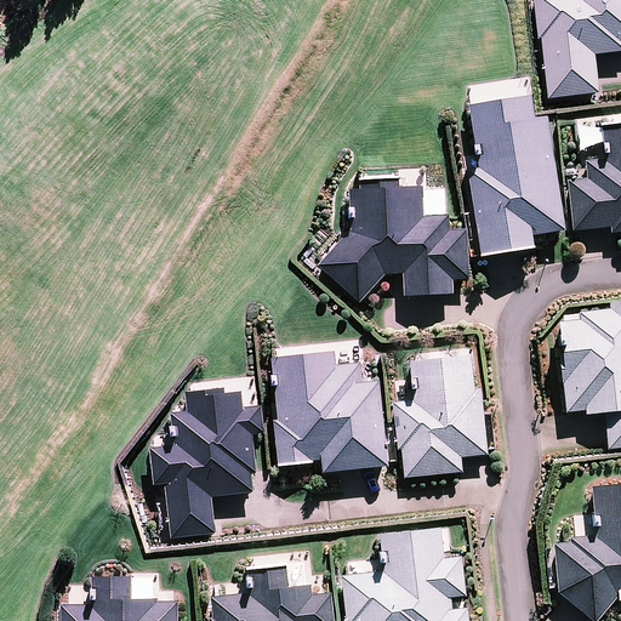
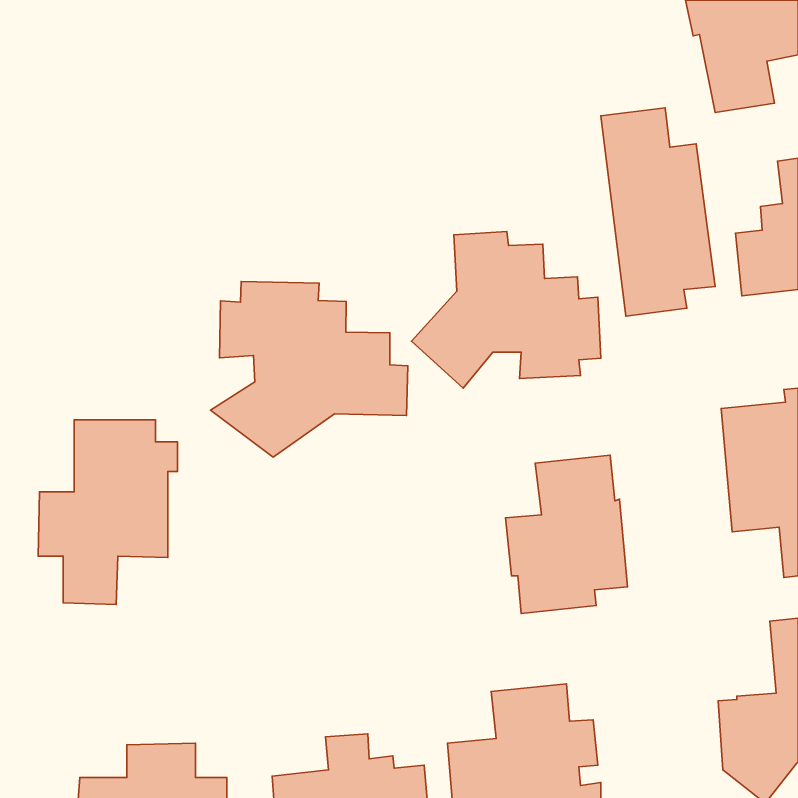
building: none -> [211,282,408,457]
building: [274,354,386,468] -> none
building: [159,392,267,535] -> [38,420,177,605]

